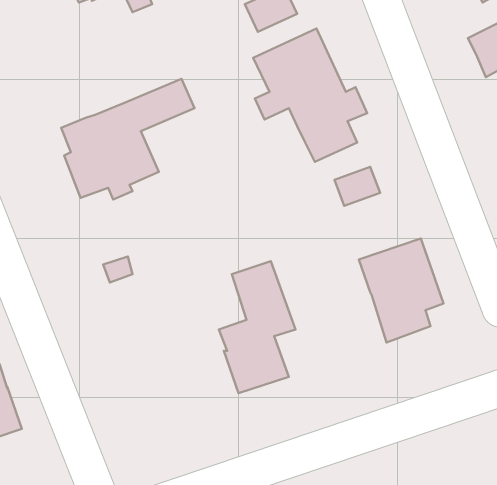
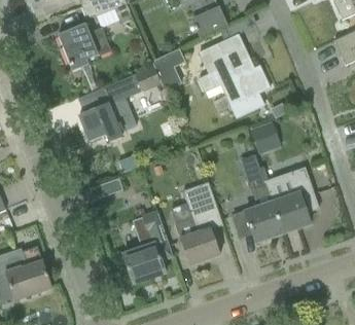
building: none -> [57,23,112,70]
building: none -> [151,48,184,89]
building: none -> [233,165,282,242]
building: none -> [122,211,173,284]

